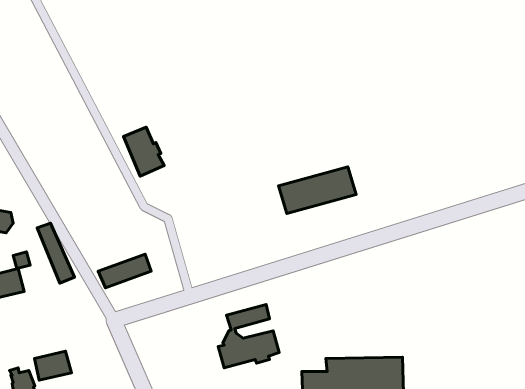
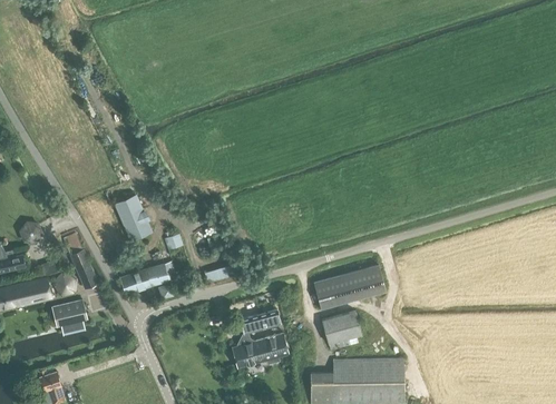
building: [124,127,164,176] -> [115,195,153,240]
building: [278,167,356,213] -> [313,265,386,308]
building: none -> [321,311,362,349]
building: [34,351,72,380] -> [52,299,87,326]

